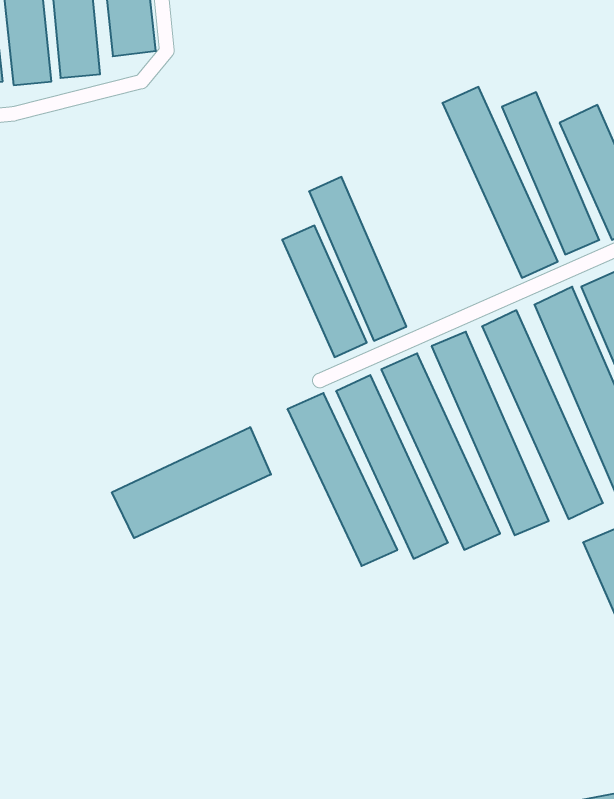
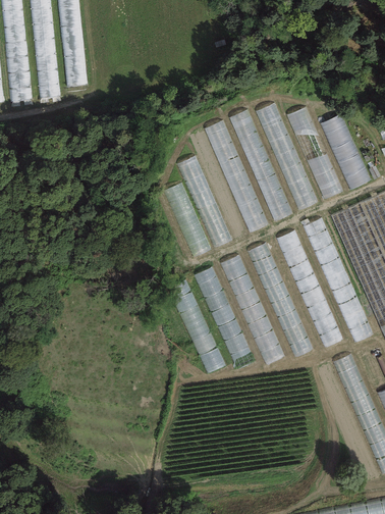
building: none -> [229,109,293,221]
building: none -> [205,119,270,233]
building: [112,427,271,538] -> none

